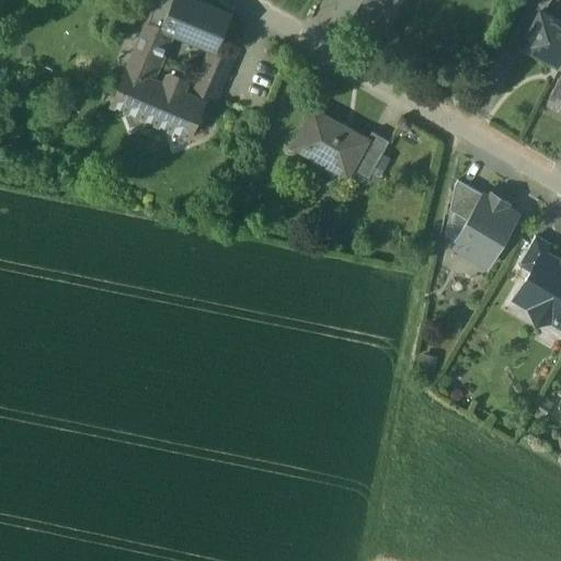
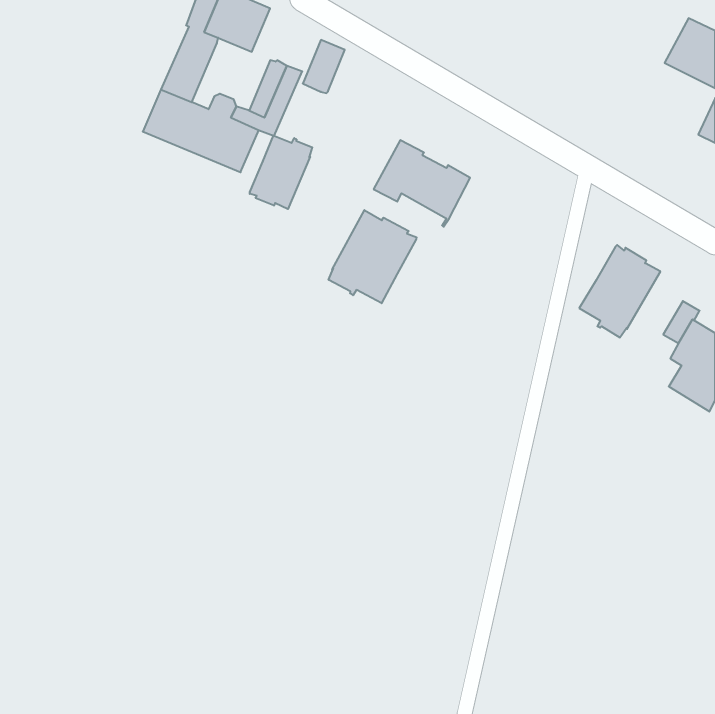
building: [197,7,230,48] -> [303,40,345,93]
building: none -> [250,136,312,209]
building: [352,135,387,180] -> none
building: none -> [329,210,417,303]
building: [449,179,482,219] -> none

